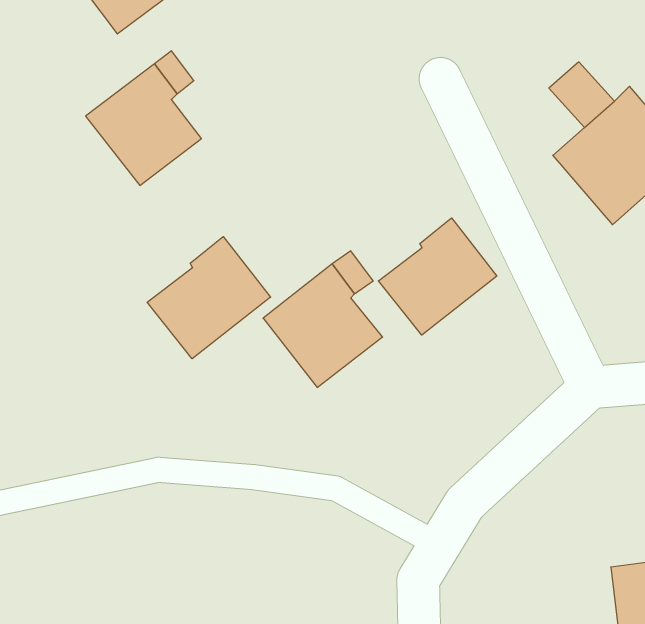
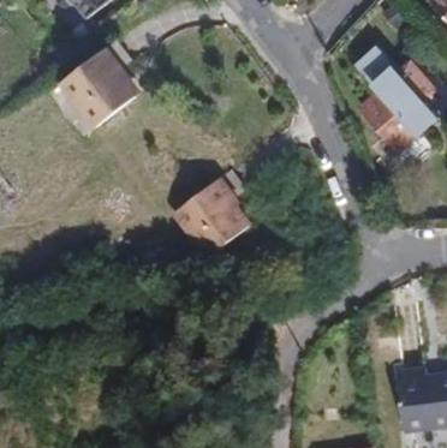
building: [378,218,497,335] -> none
building: [147,237,271,359] -> none

